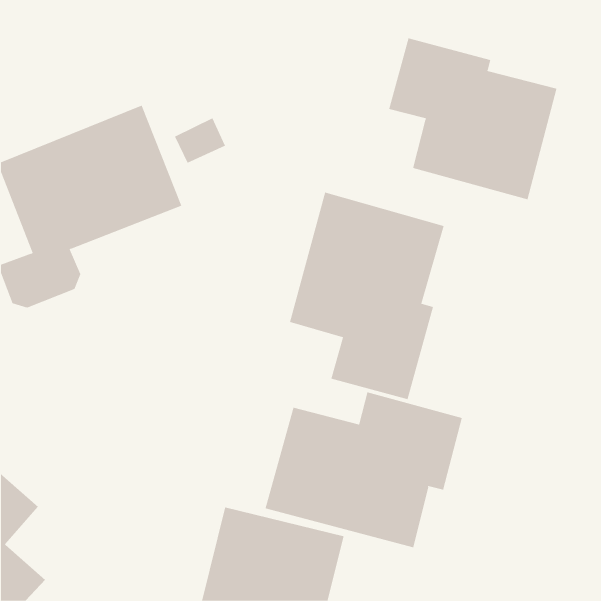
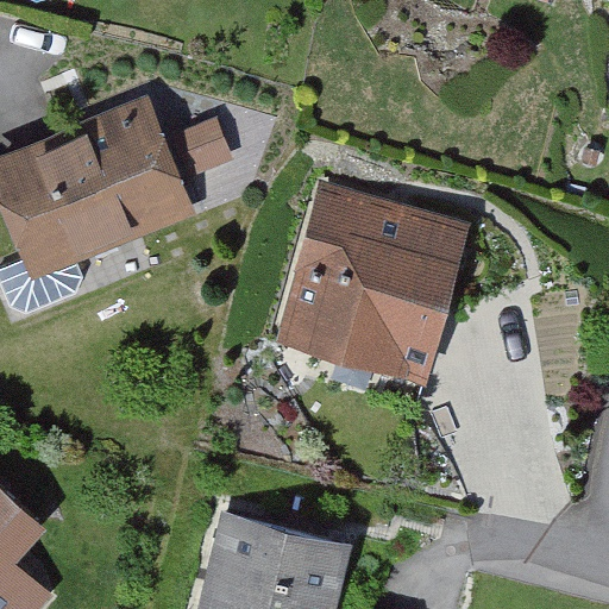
building: [389,37,557,200] -> none
building: [265,391,463,548] -> none

